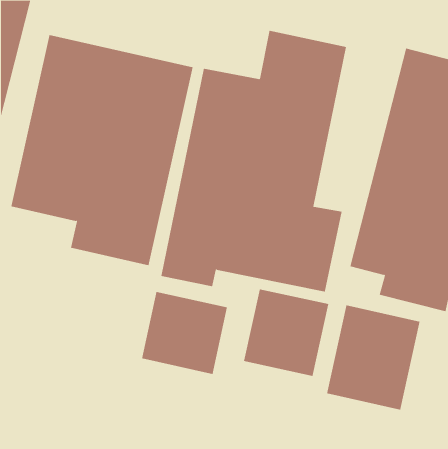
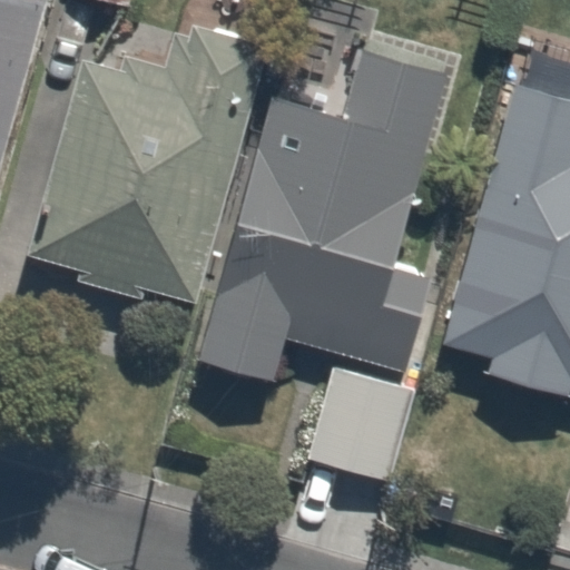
building: [141,291,228,375] -> none
building: [326,305,420,410] -> none

